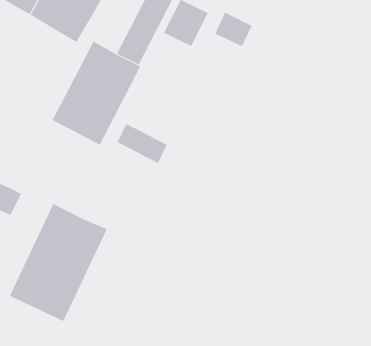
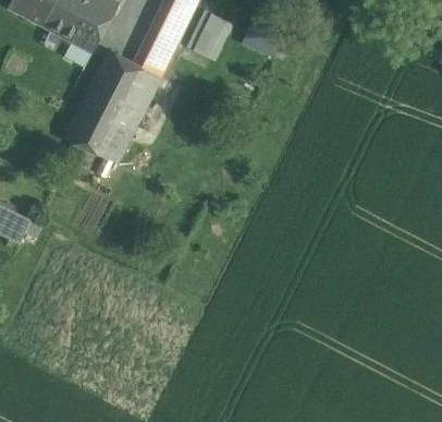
building: [117,123,167,164] -> none
building: [9,203,108,322] -> none

